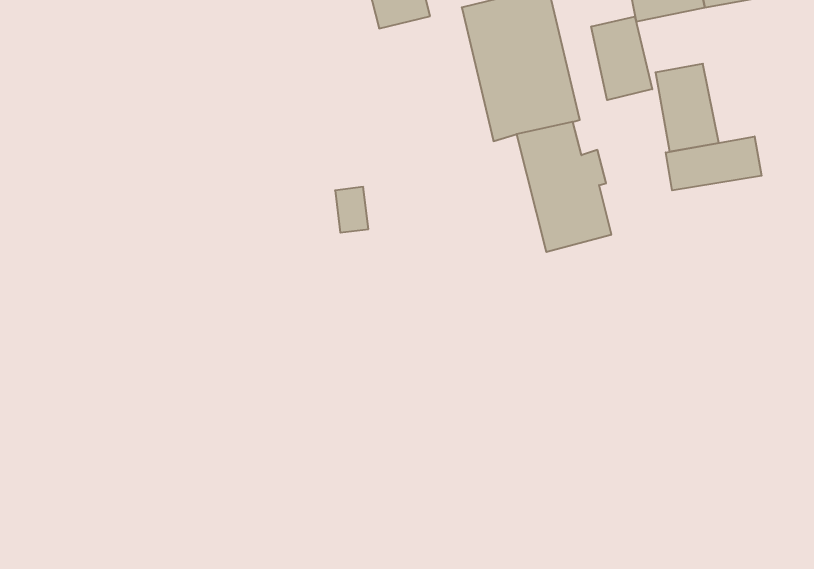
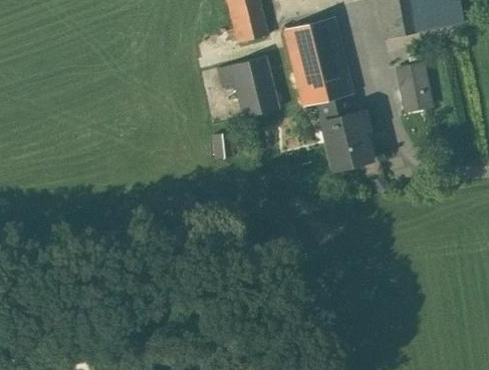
building: [591,16,652,100] -> none
building: none -> [217,55,277,116]
building: [666,136,762,190] -> none

